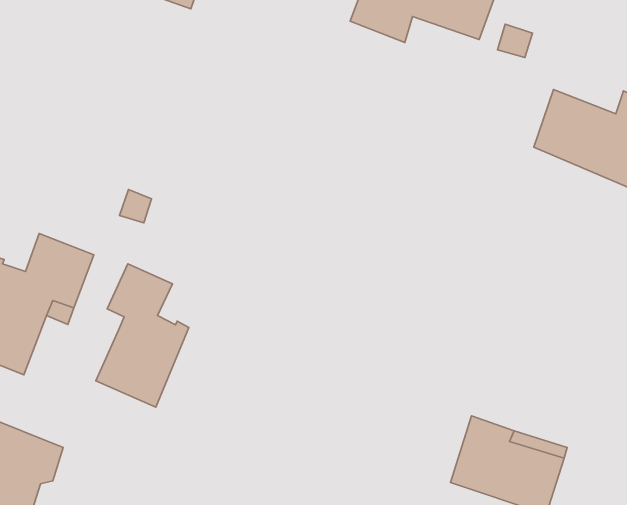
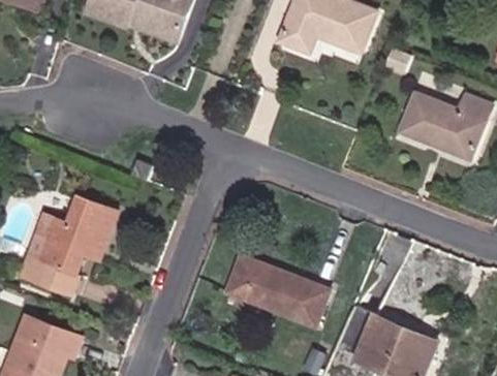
building: [96,264,189,407] -> none
building: none -> [232,255,338,334]

